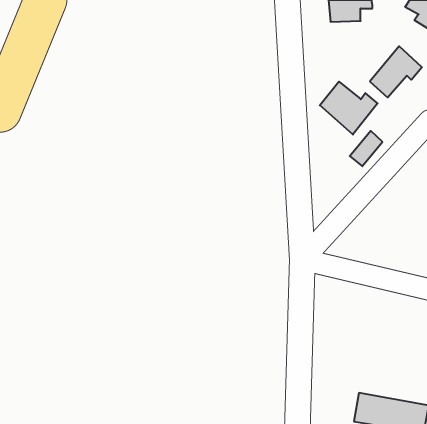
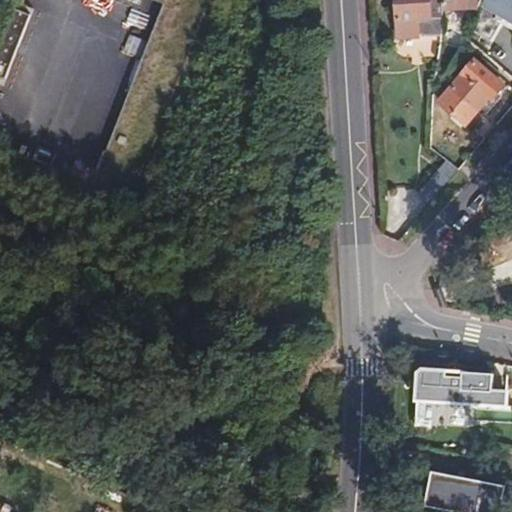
building: [320,82,378,135] -> none
building: none -> [412,364,496,414]

